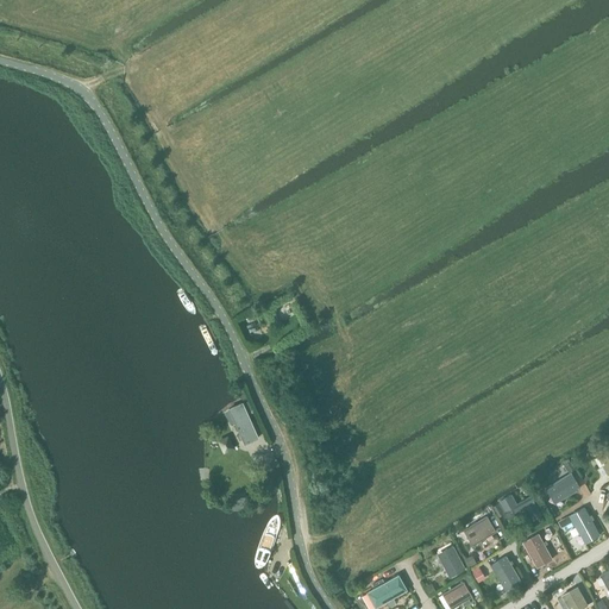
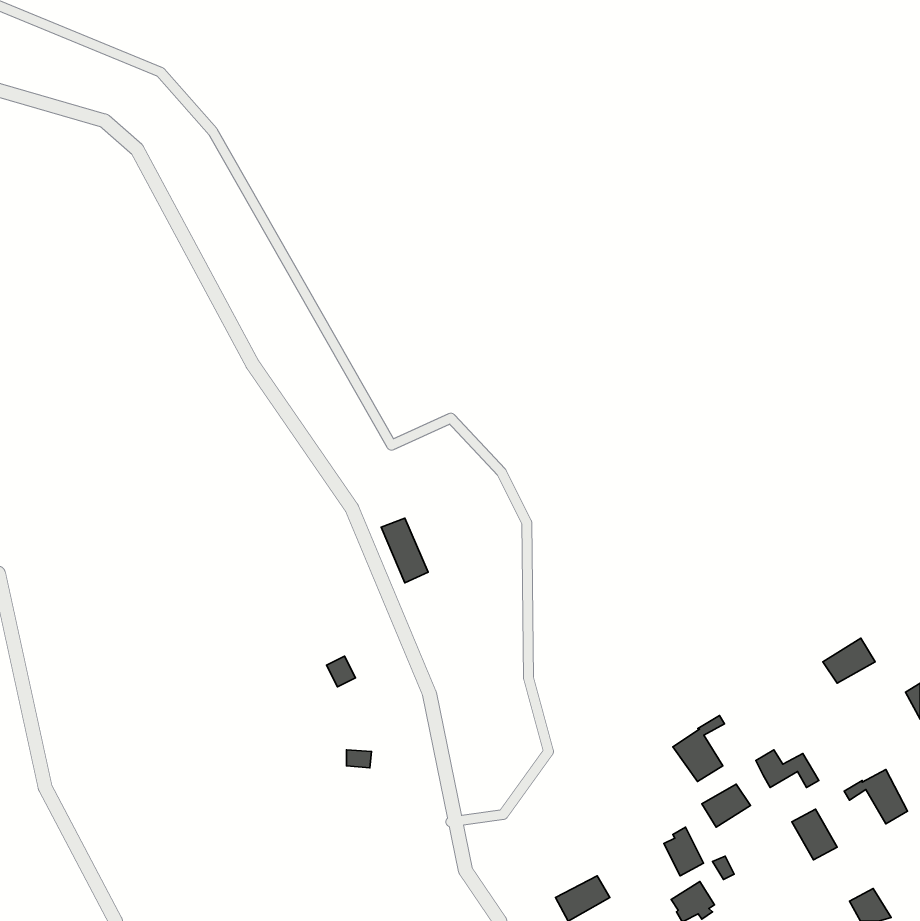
building: [227,402,258,445] -> [381,518,428,583]
building: none -> [673,716,724,782]
building: [545,473,579,503] -> [823,638,875,683]
building: [490,557,520,590] -> none

